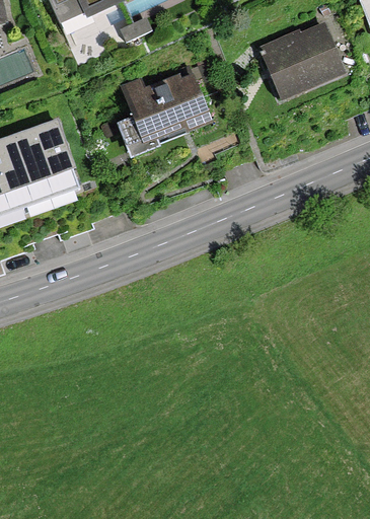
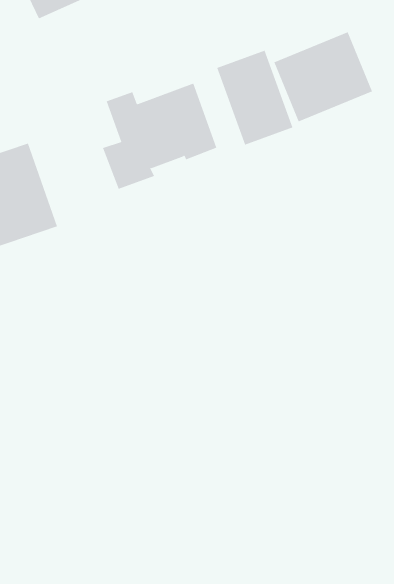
building: none -> [217,50,293,145]

